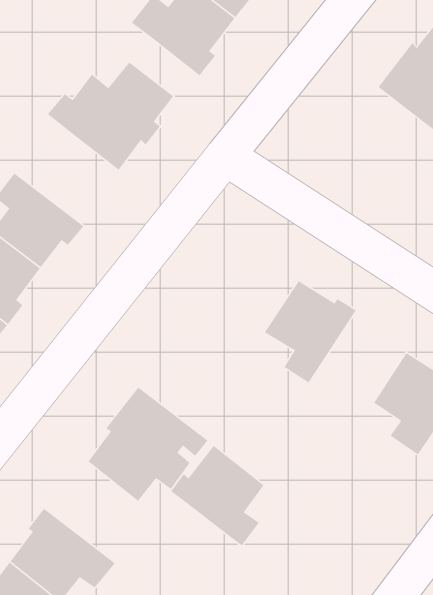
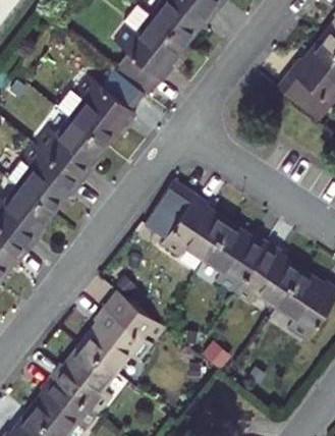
building: none -> [110,55,157,99]
building: none -> [32,120,103,184]
building: none -> [145,180,225,257]
building: none -> [232,241,298,305]
building: [170,445,264,546] -> [52,344,116,414]

